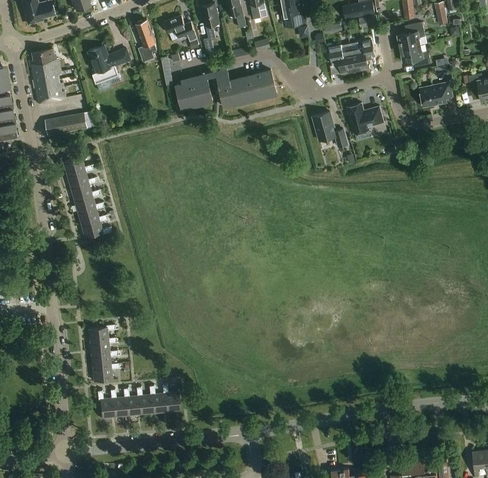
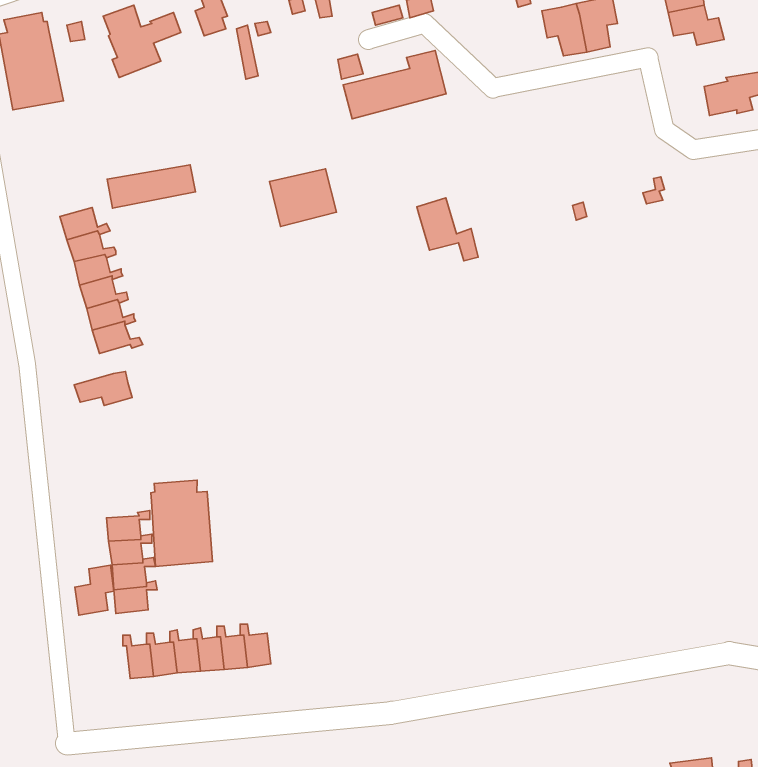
building: [176,78,213,110] -> [270,169,336,227]
building: [346,103,384,134] -> none
building: [313,112,347,147] -> [417,198,478,261]
building: [44,113,93,137] -> [107,165,196,208]
building: none -> [74,371,132,405]
building: none -> [151,480,213,567]
building: none -> [75,565,114,615]

